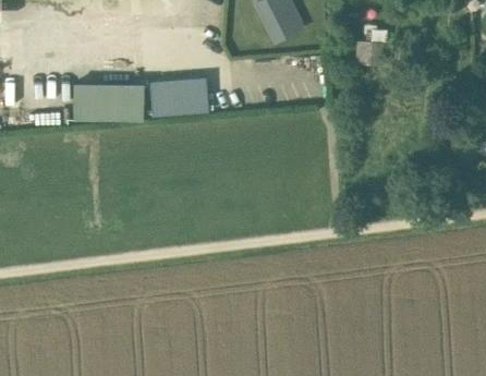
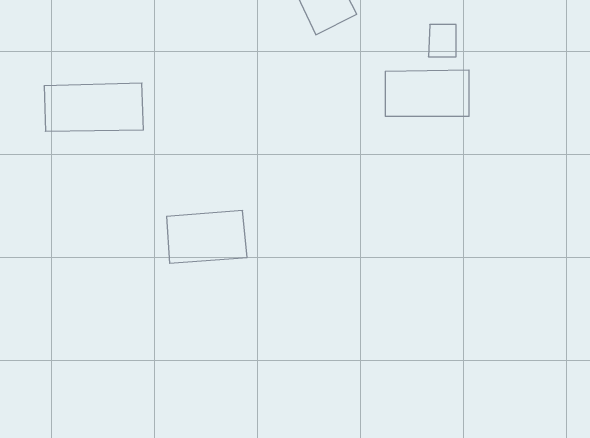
building: none -> [385,70,469,116]
building: [148,76,208,116] -> [167,211,247,263]

